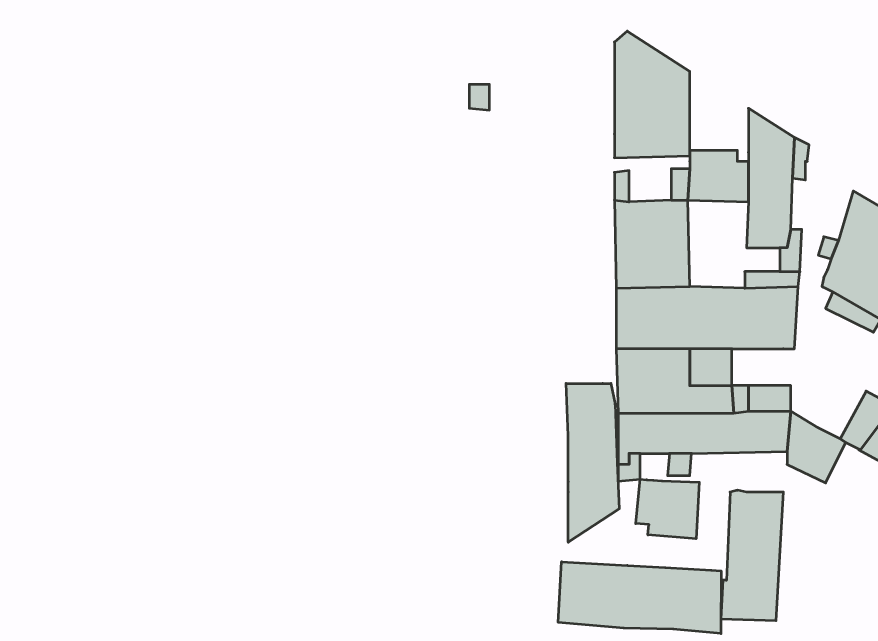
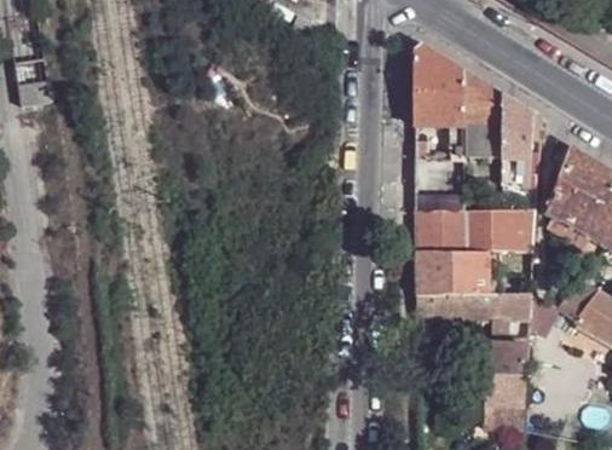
building: none -> [464,70,503,123]
building: [566,383,619,542] -> none
building: [636,479,699,539] -> none
building: [558,562,721,634] -> none

